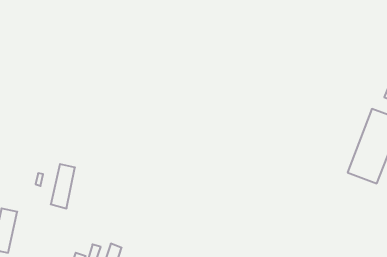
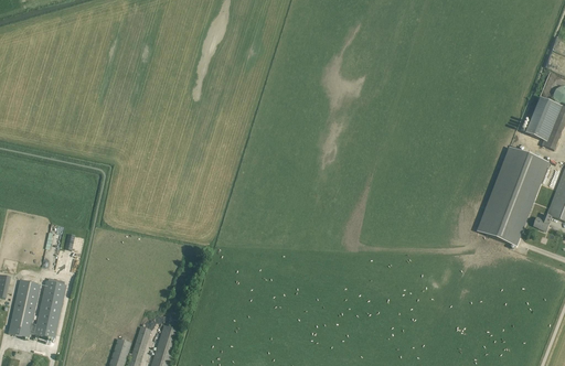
building: [51,164,75,208] -> [33,279,65,337]

